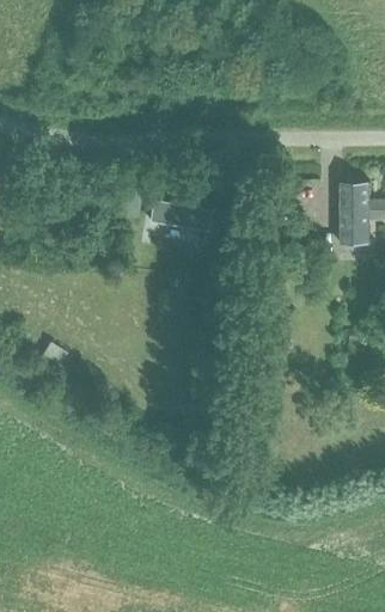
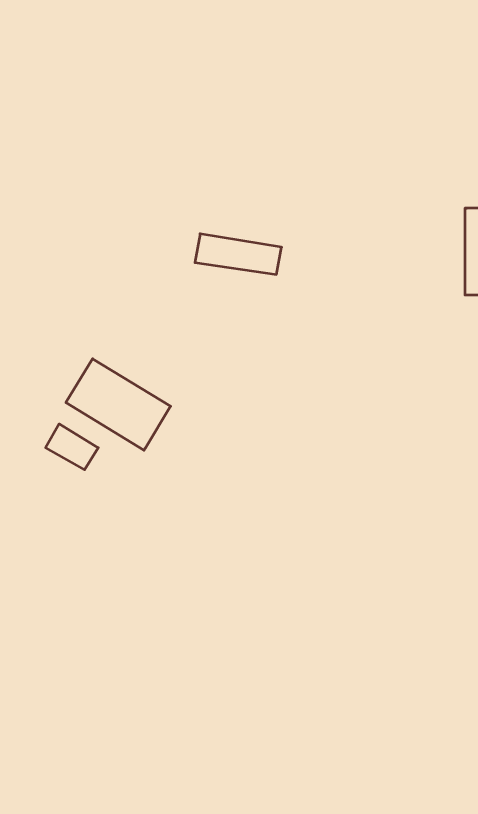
building: none -> [66,359,171,450]

